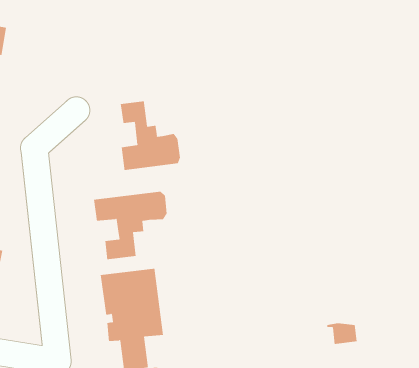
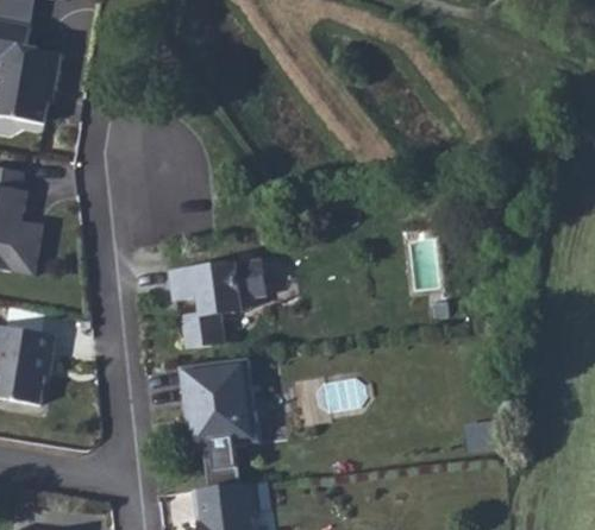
building: [120,100,181,171] -> none

